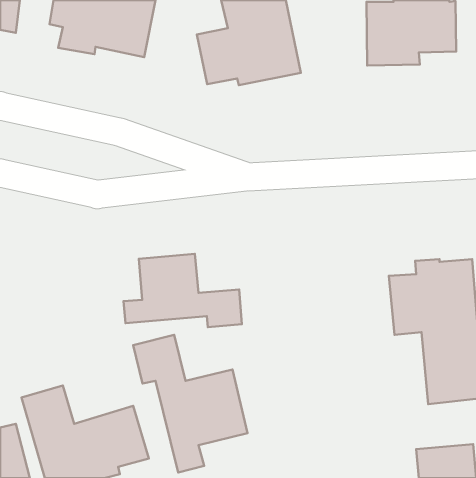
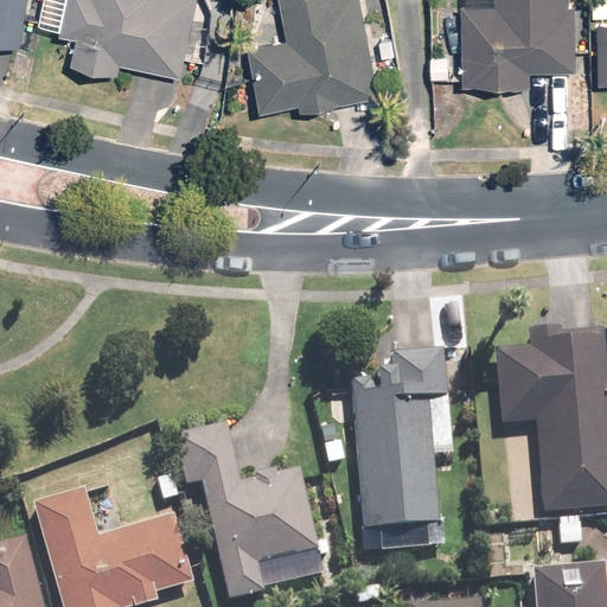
building: [124,254,242,327] -> none
building: none -> [350,350,446,528]

